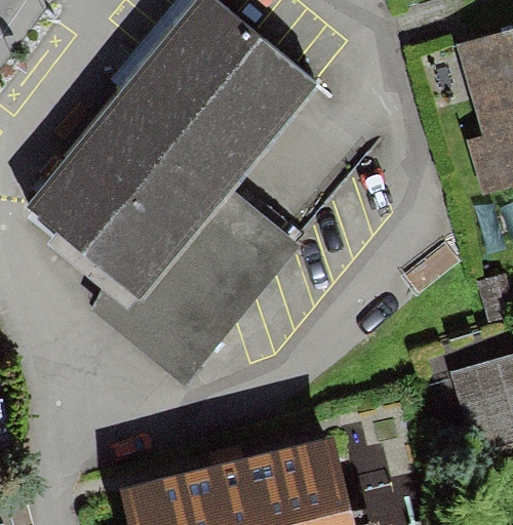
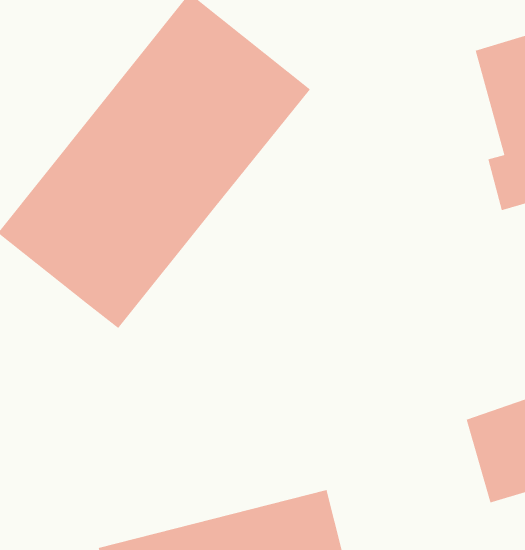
building: [90,187,299,385] -> none

